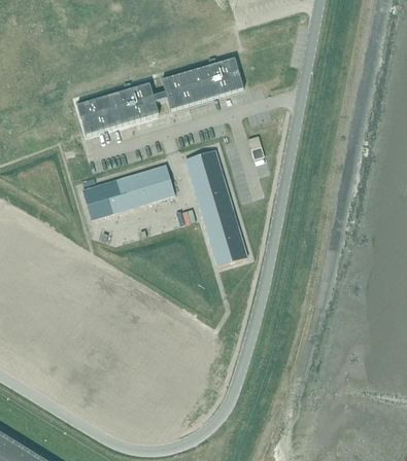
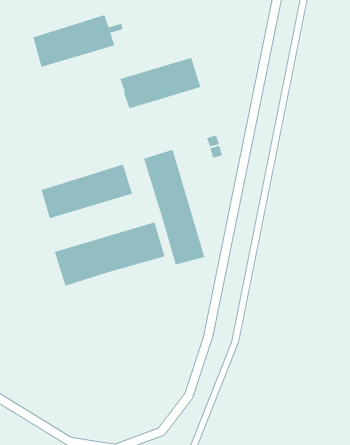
building: [75,82,166,135] -> [32,15,124,67]
building: none -> [54,222,165,286]

